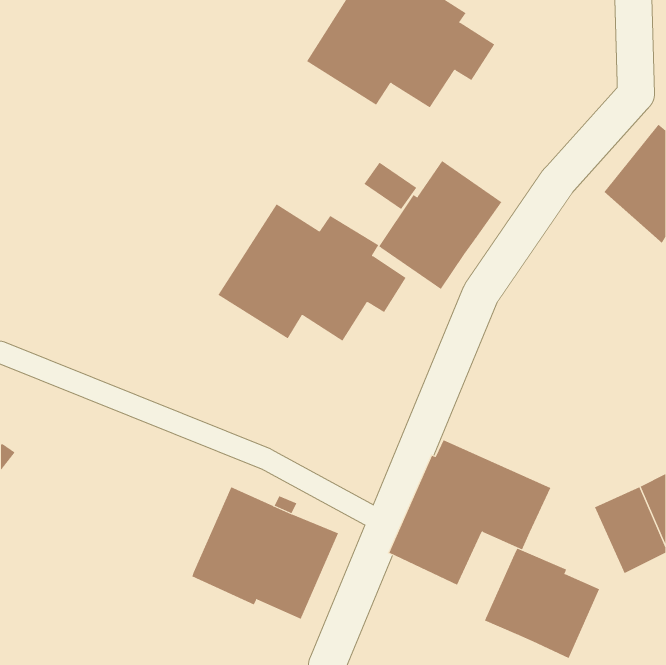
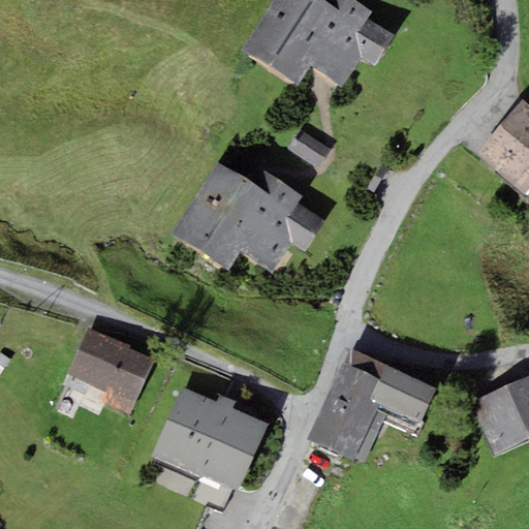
building: [378,160,502,290] -> none
building: none -> [66,326,156,415]
building: [484,548,600,659] -> none

